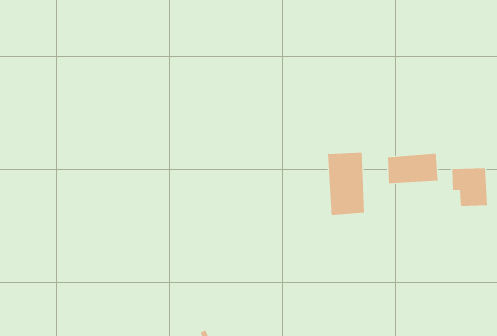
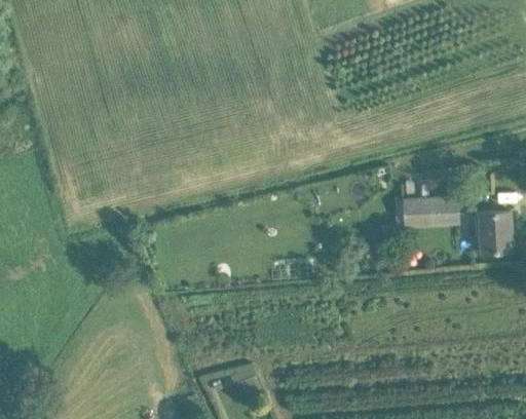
building: [328,152,365,216] -> none

